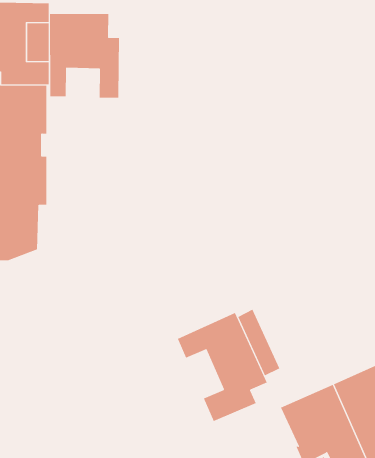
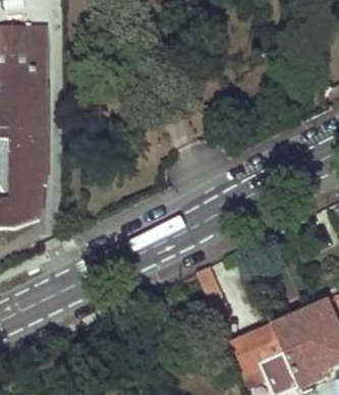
building: [50,13,120,99] -> none
building: [177,312,268,422] -> none

